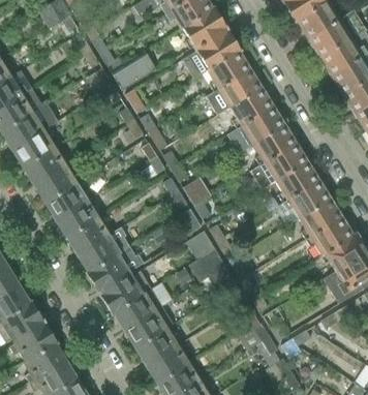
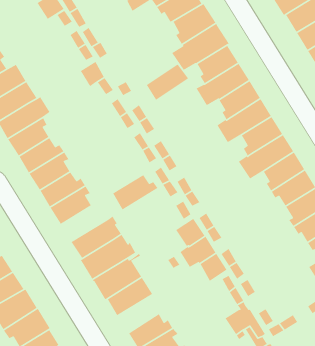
building: [111,53,155,91] -> [146,64,189,101]
building: [67,217,115,254] -> [112,174,159,210]
building: [125,308,173,348] -> none

